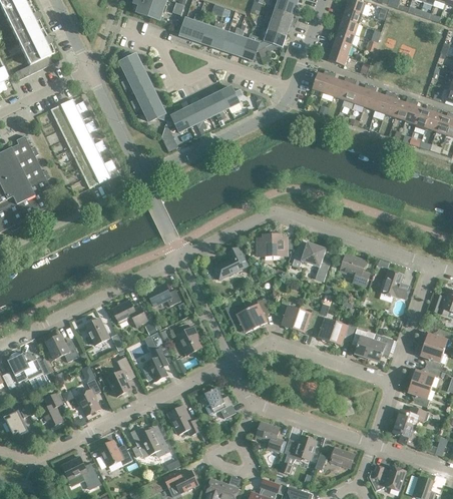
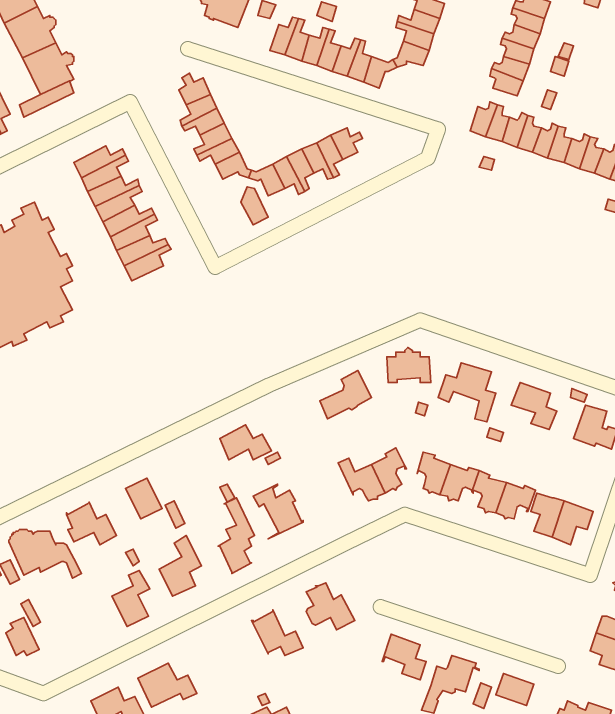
building: [111,300,146,326] -> none
building: [39,392,62,428] -> none
building: [130,426,168,457] -> none

